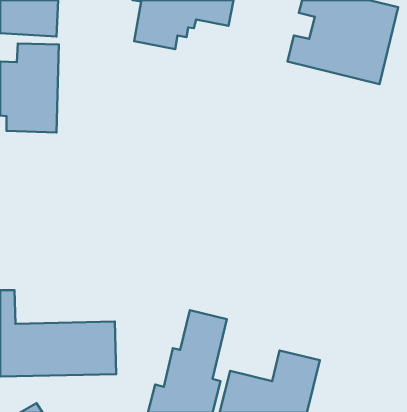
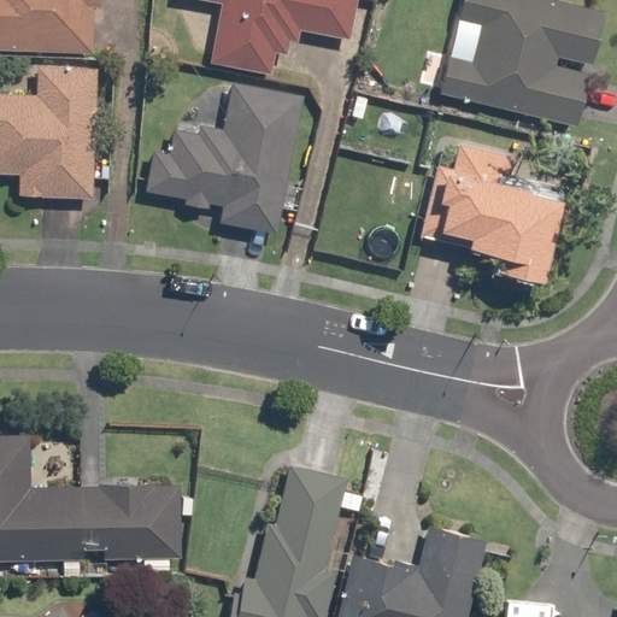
building: none -> [143,83,302,236]
building: none -> [421,142,557,282]

